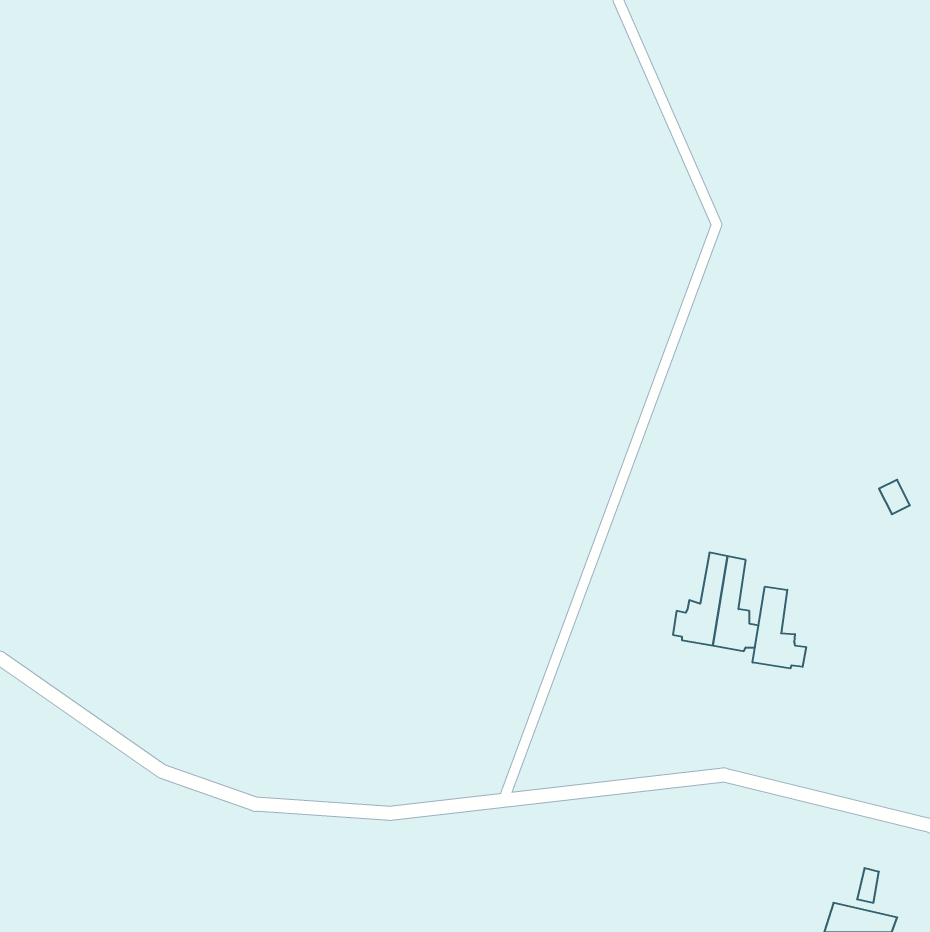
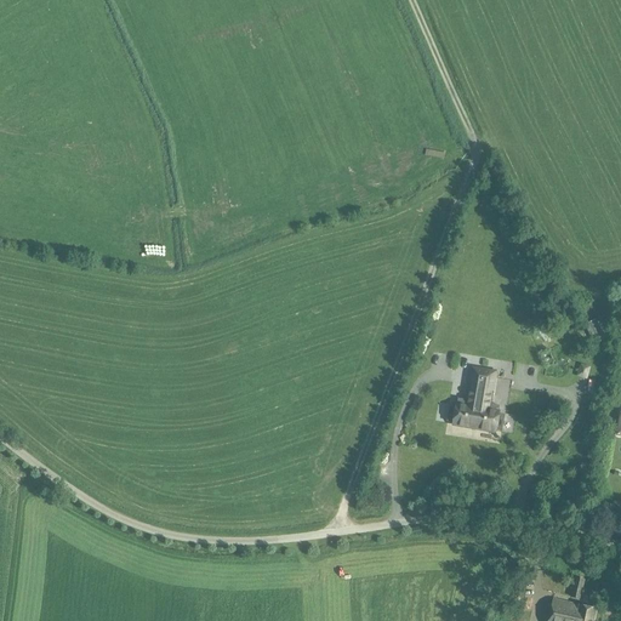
building: [753,587,806,668] -> none

